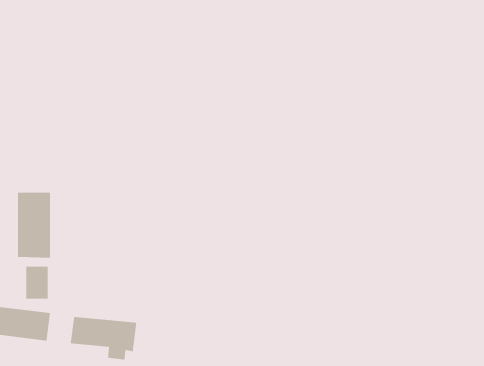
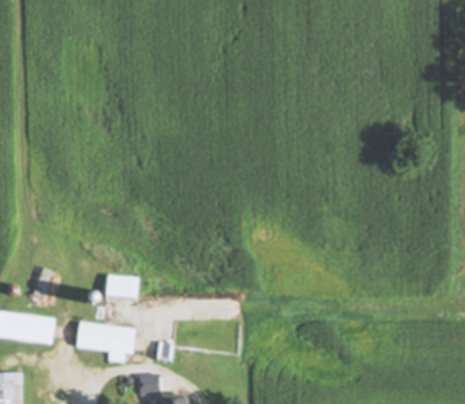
building: [17,192,51,259] -> none
building: none -> [102,271,139,301]

